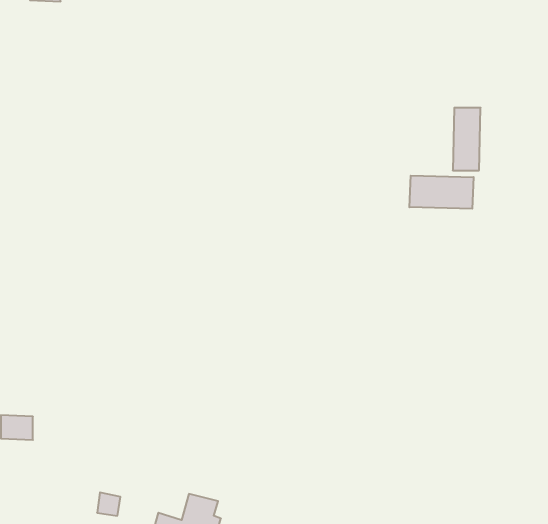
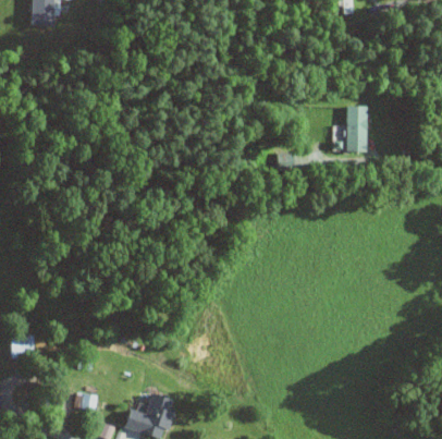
building: [409,176,474,209] -> none

